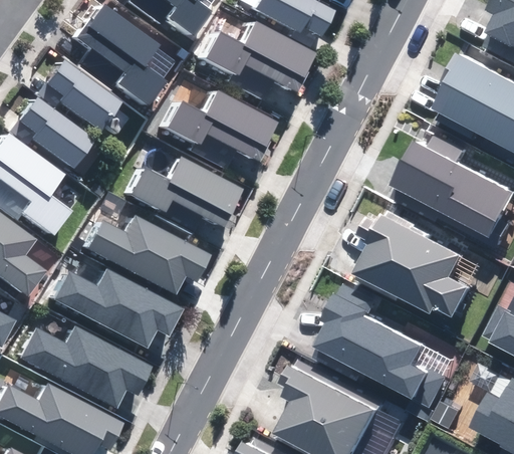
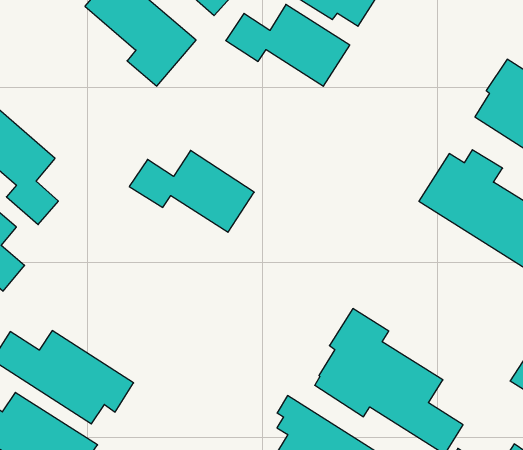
building: [49,61,123,132] -> none
building: [169,92,279,161] -> none
building: [21,97,95,168] -> none
building: [350,215,465,315] -> none
building: [89,216,211,293] -> none
building: [57,269,182,347] -> none

